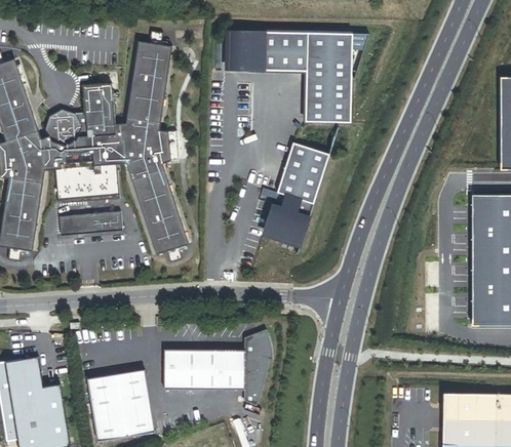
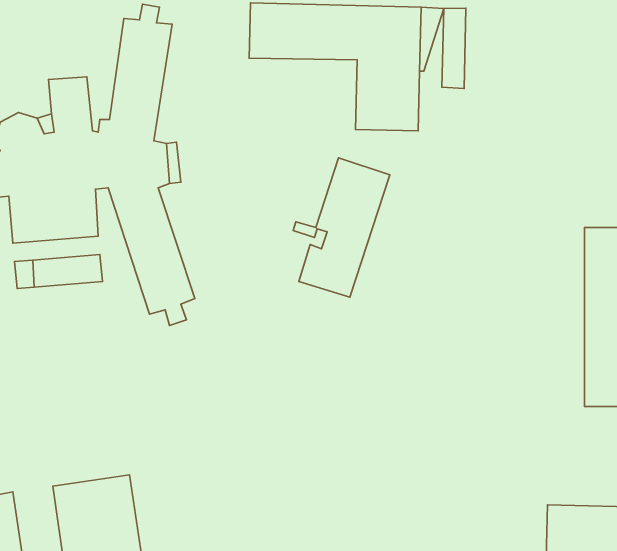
building: none -> [442,8,466,88]
building: [161,331,272,410] -> none

